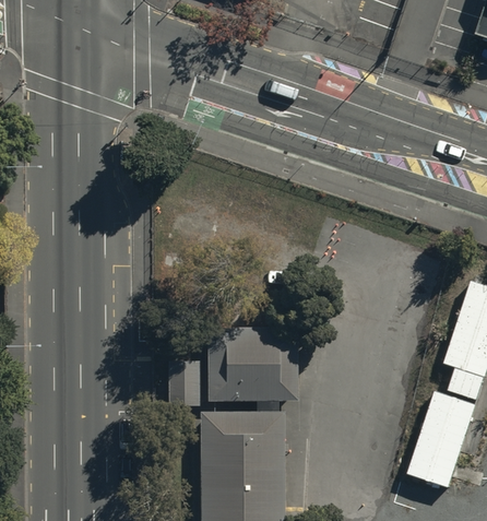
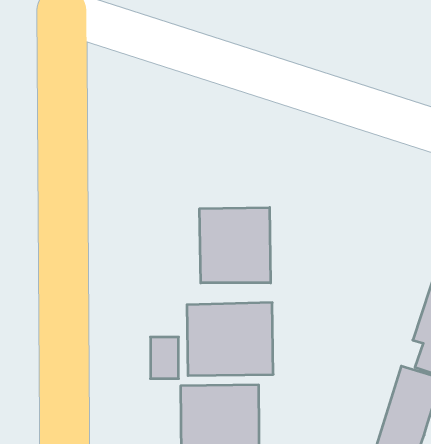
building: none -> [200,207,271,283]

